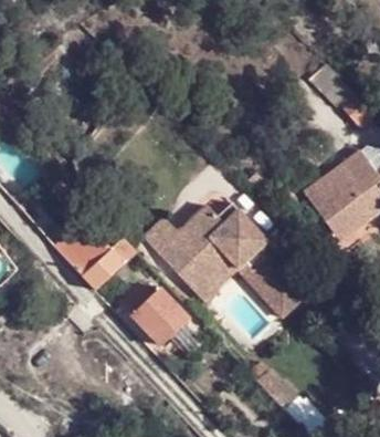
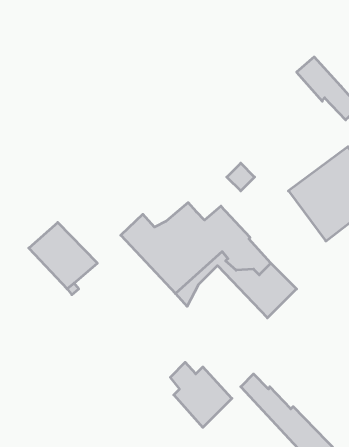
building: [126,282,184,344] -> [170,362,232,427]

